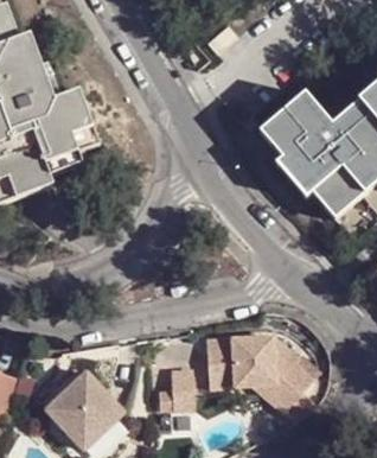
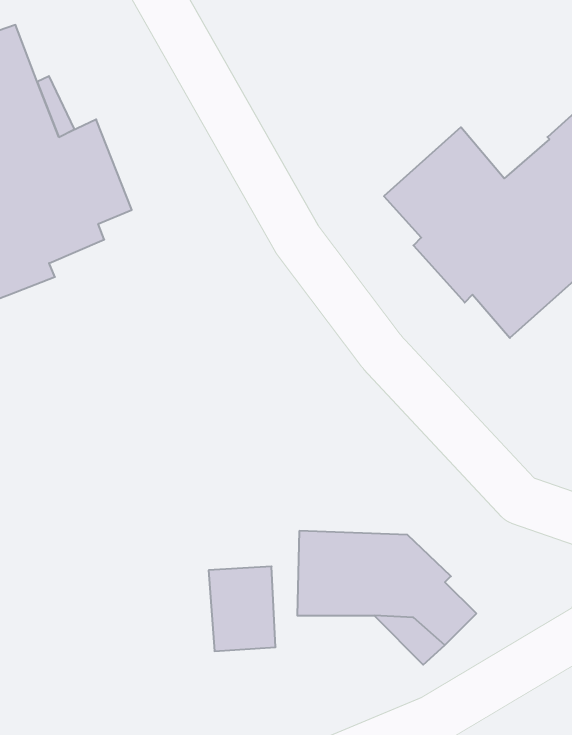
building: [45,371,123,450] -> none

